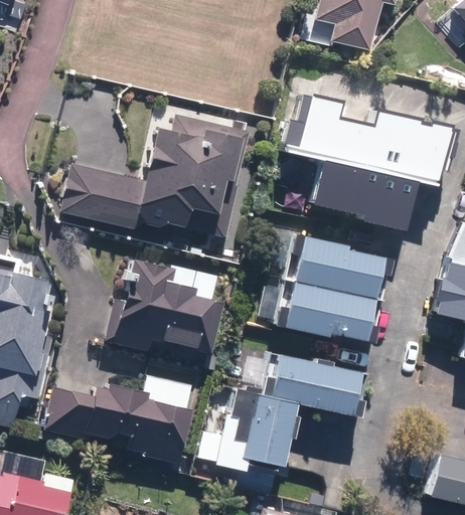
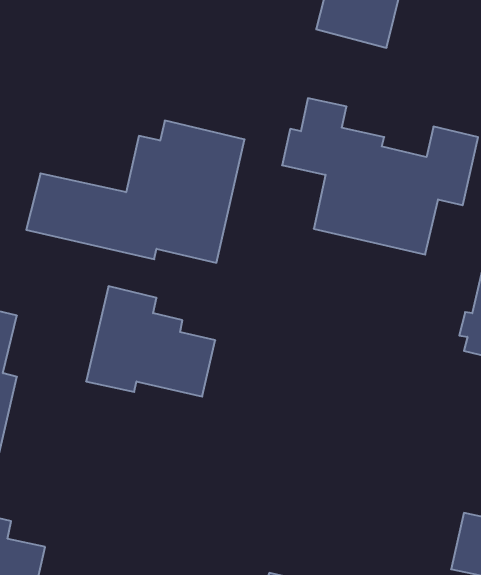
building: [285,235,378,342] -> none
building: [230,351,369,467] -> none
building: [49,372,197,458] -> none

